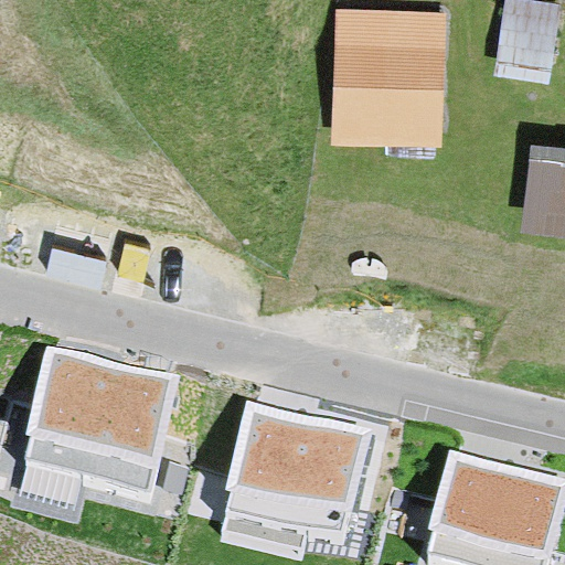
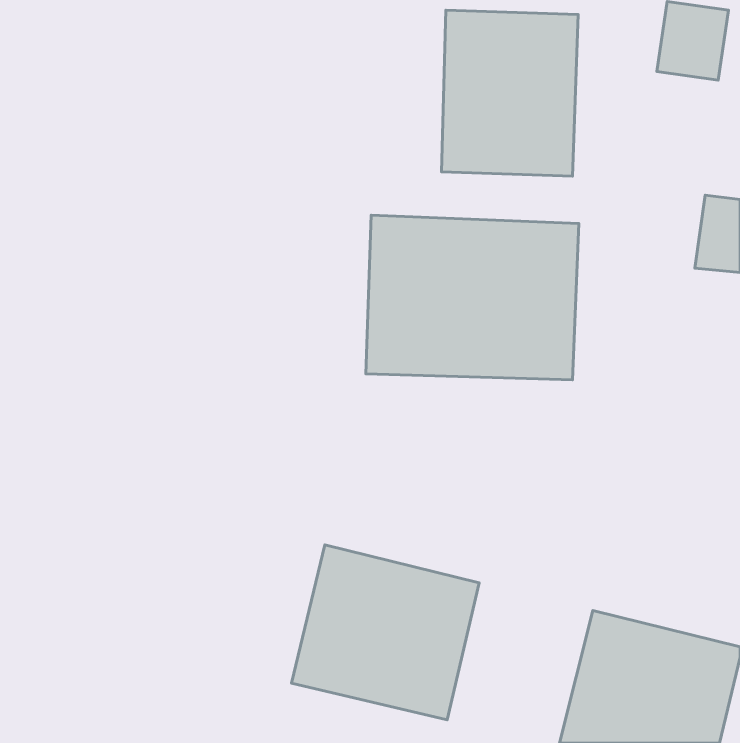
building: none -> [366,215,579,380]
building: [22,364,171,500] -> none

